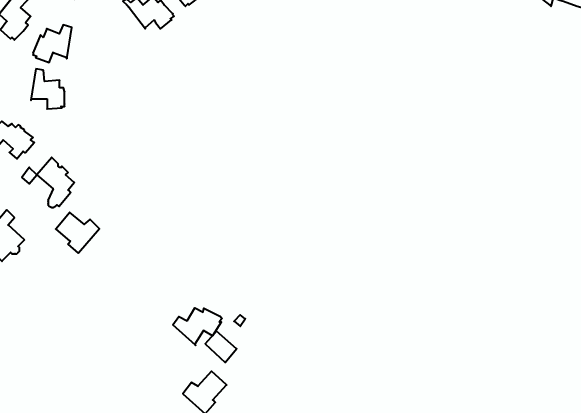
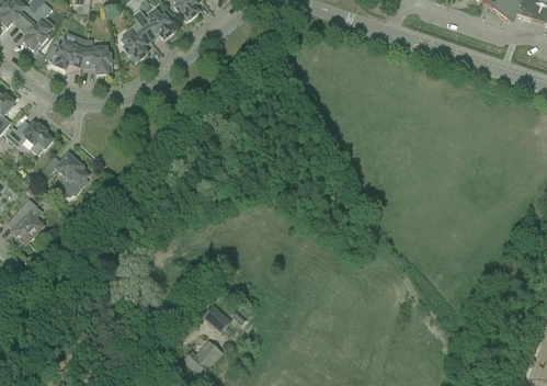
building: none -> [121,20,150,60]
building: [31,69,65,109] -> [81,37,111,72]
building: [56,212,99,253] -> none
building: [173,308,222,345] -> none

